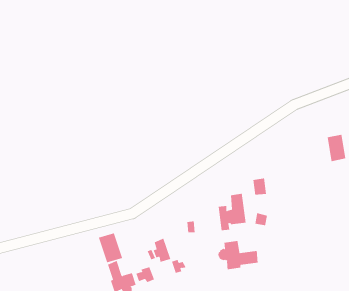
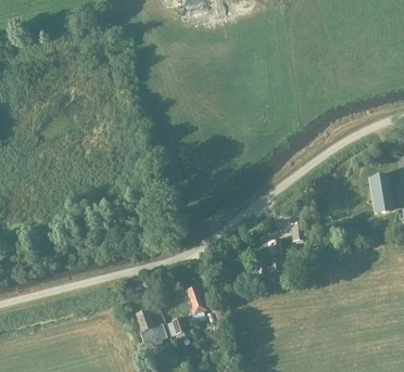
building: [98,233,123,263] -> none
building: [218,240,258,270] -> none

